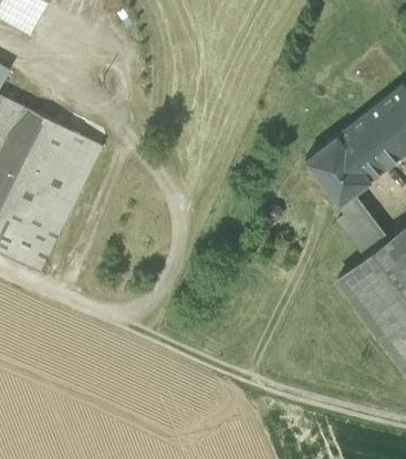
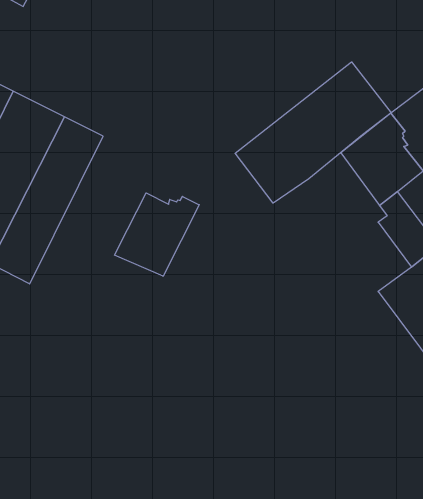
building: none -> [235,62,391,203]
building: none -> [115,193,199,276]

